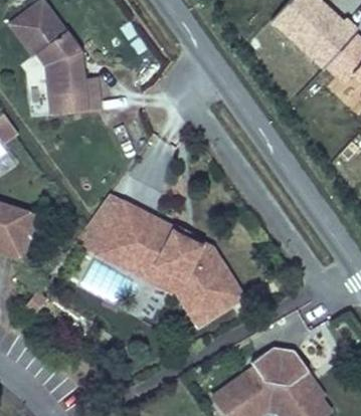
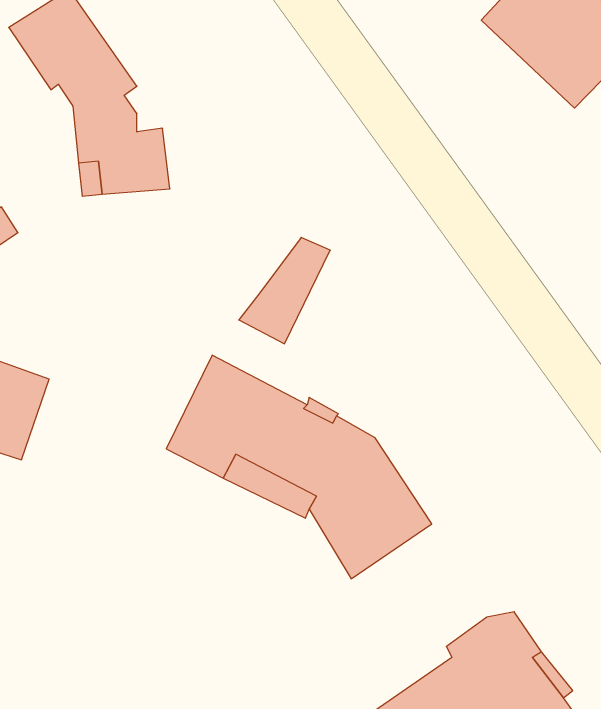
building: [74,196,125,254] -> [239,237,330,344]

